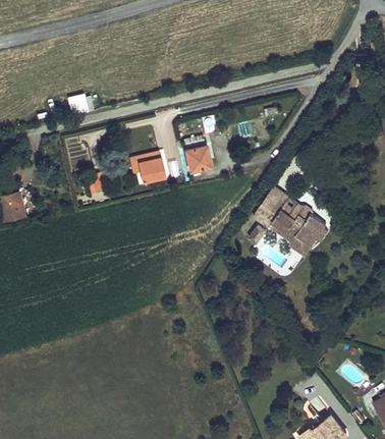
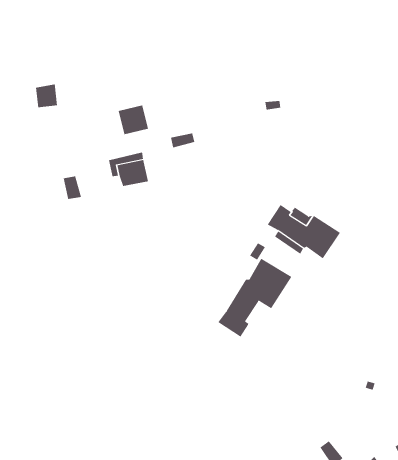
building: [185,148,212,173] -> [118,105,149,135]
building: none -> [218,258,292,337]

